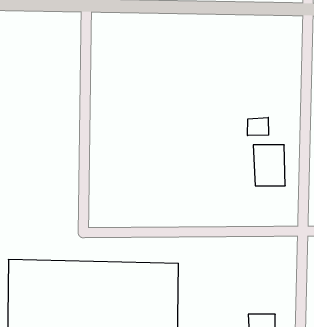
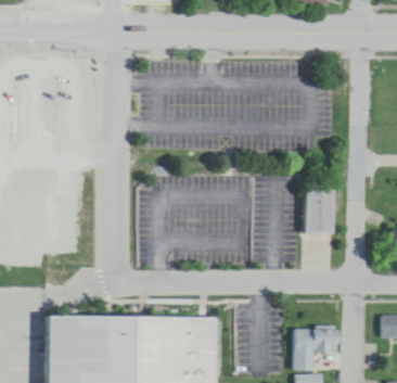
building: [248,117,269,136] -> none
building: none -> [291,318,340,360]

